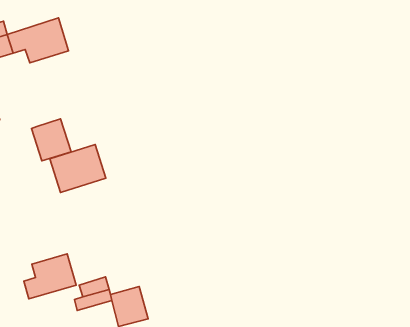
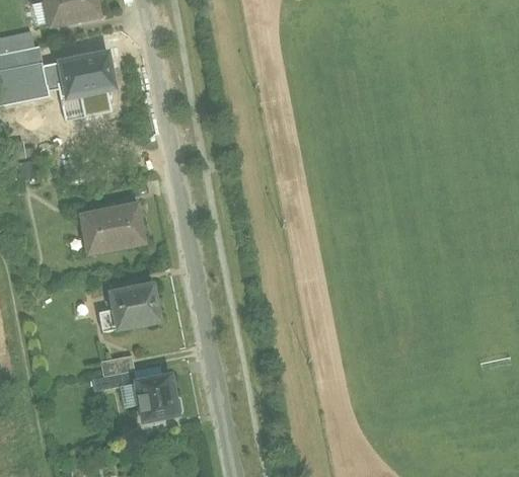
building: [32,119,71,161] -> none
building: [24,254,76,299] -> [97,285,158,333]

